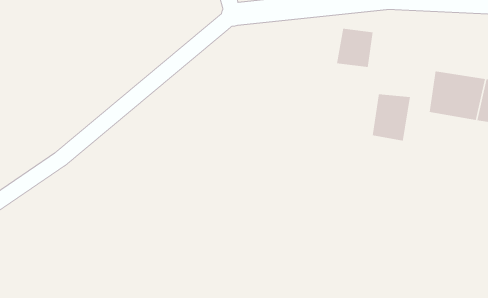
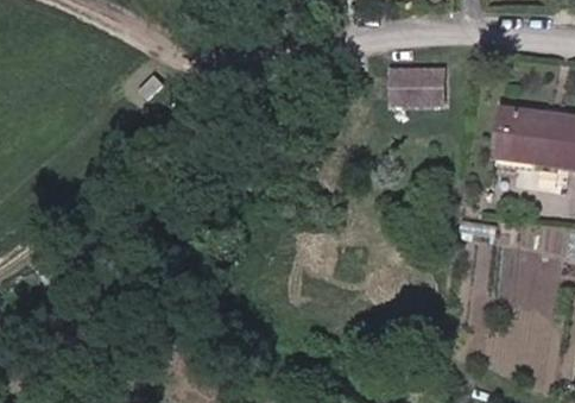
building: [372,93,411,141] -> none

